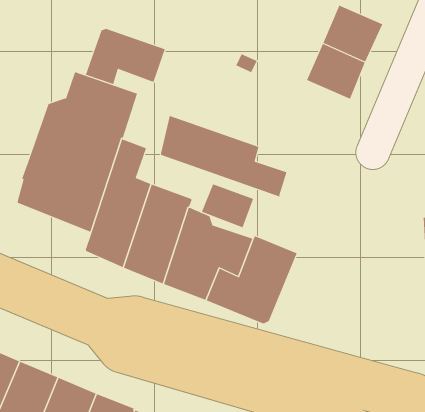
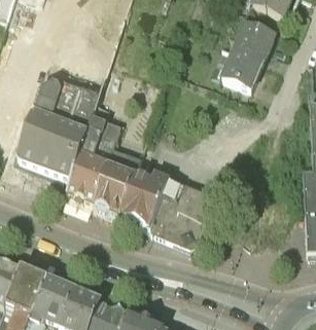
building: [85,28,166,85] -> none
building: [160,115,287,198] -> none
building: [201,184,254,228] -> none

